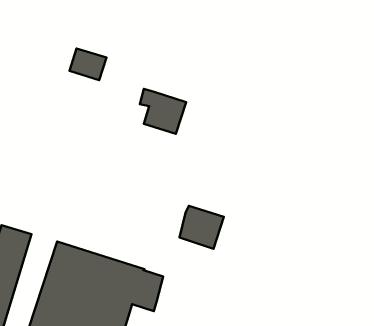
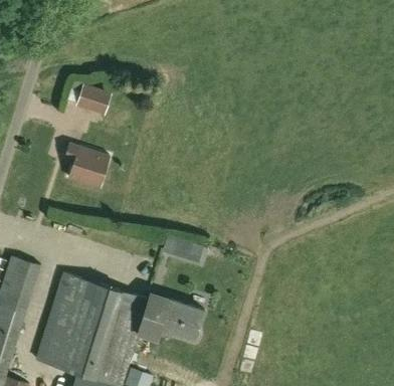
building: [140,89,186,134] -> [63,142,109,186]
building: [179,206,224,249] -> [163,299,206,341]

